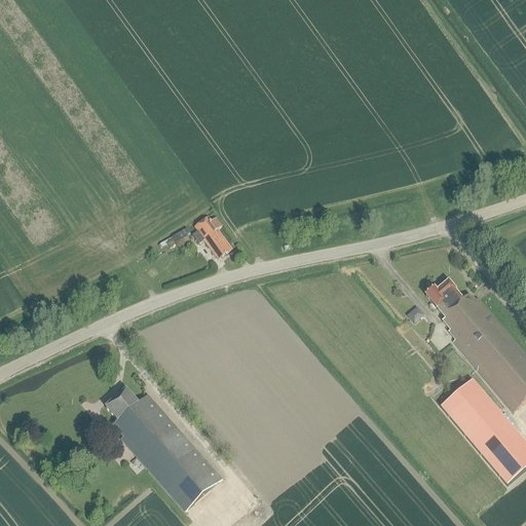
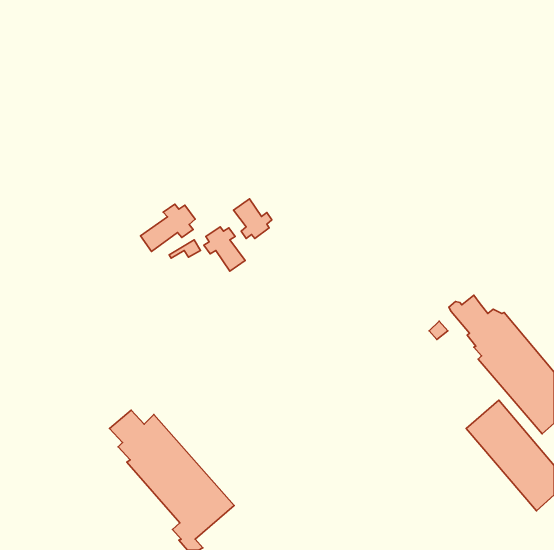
building: none -> [234,199,272,239]
building: none -> [140,204,195,252]

